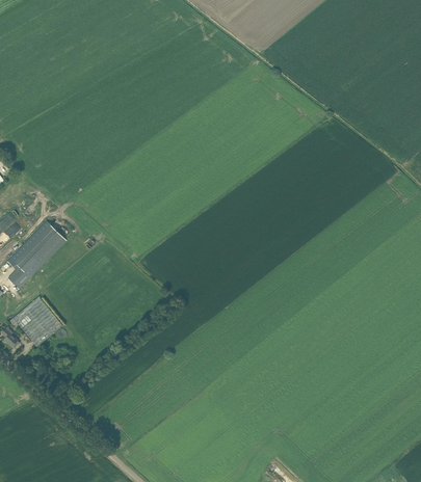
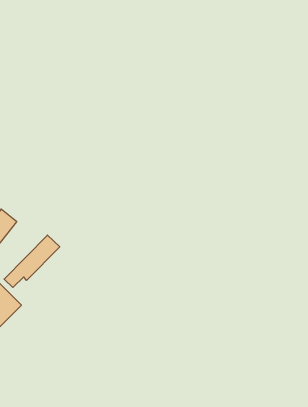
building: none -> [4,235,60,287]

